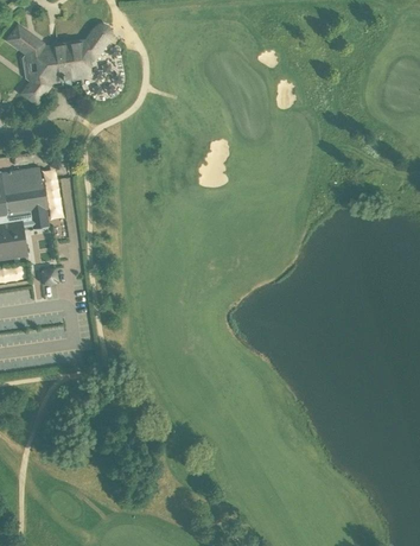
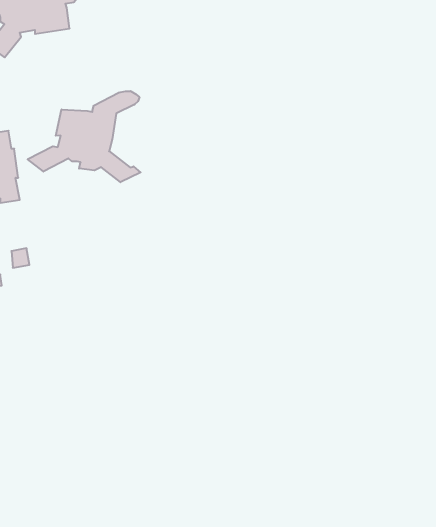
building: none -> [28,91,141,182]

